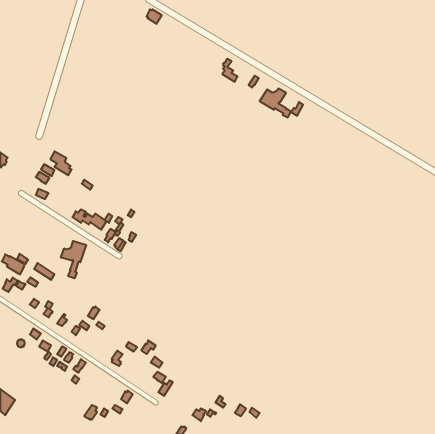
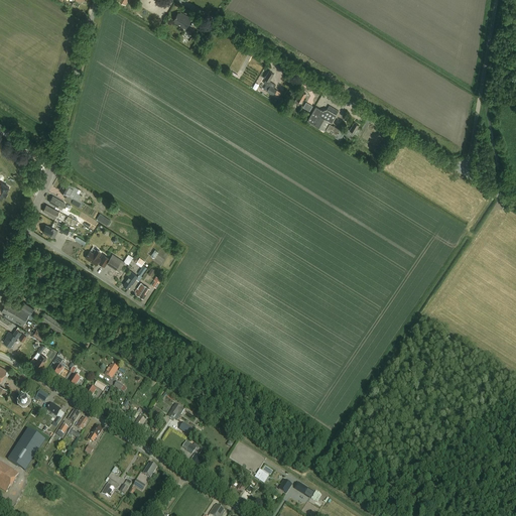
building: [61,241,86,278] -> none
building: none -> [8,428,45,470]

